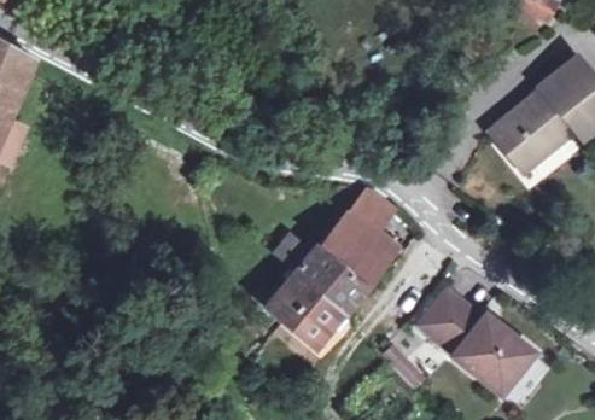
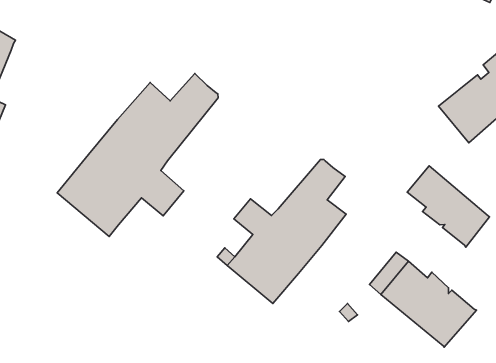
building: none -> [57,73,218,236]
building: none -> [407,166,490,247]

